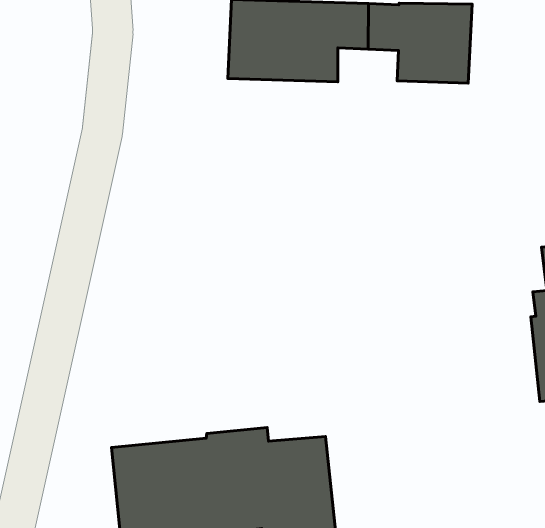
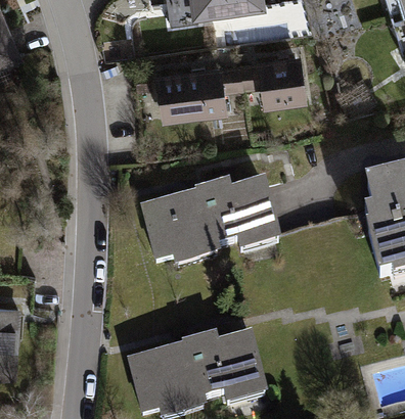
building: none -> [137,183,281,270]

